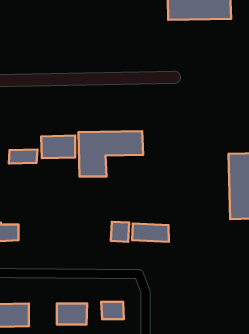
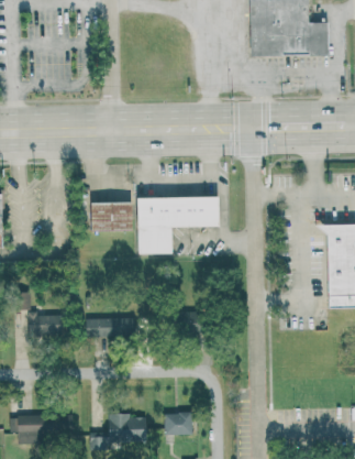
building: [9,149,37,164] -> none
building: [132,224,169,242] -> none
building: none -> [86,318,133,341]

